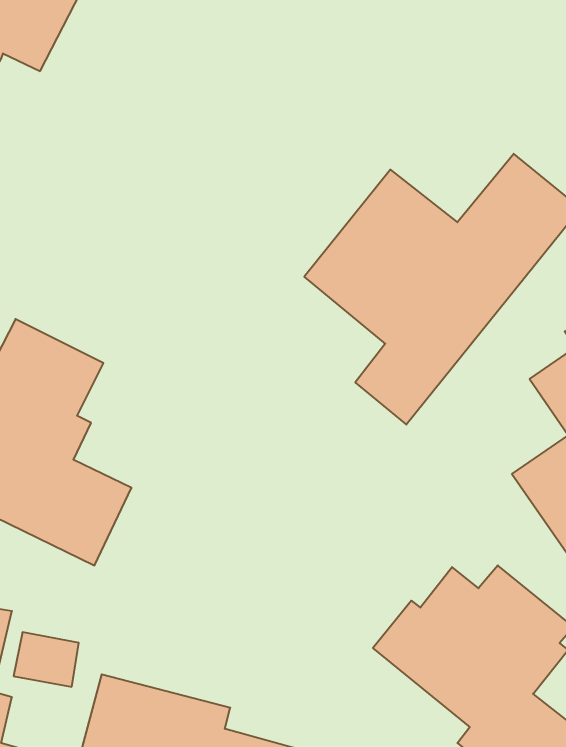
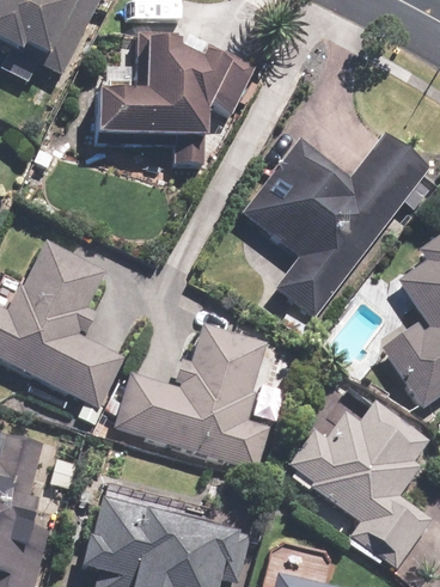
building: none -> [100,36,236,167]
building: none -> [112,326,269,472]

